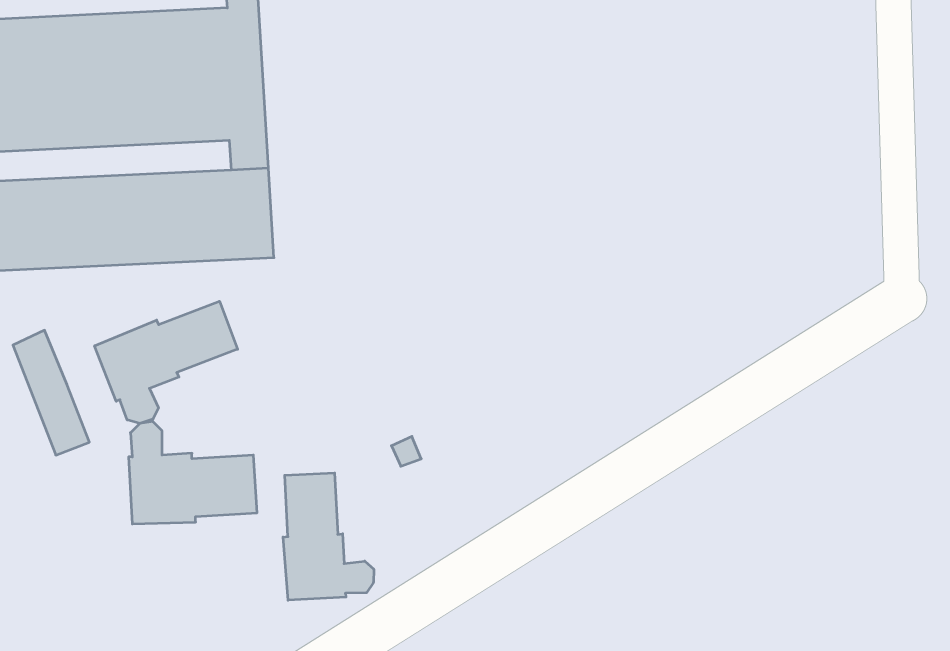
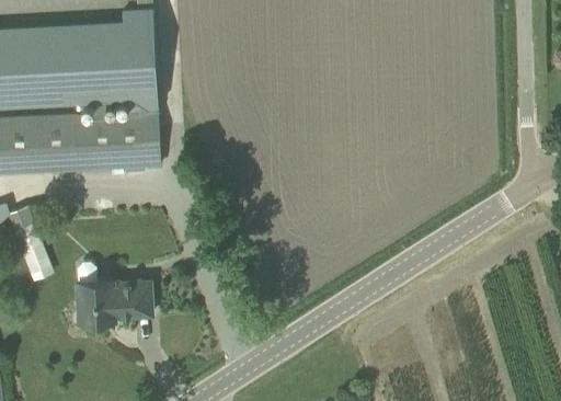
building: [95,301,238,423] -> none
building: [283,473,374,600] -> none

